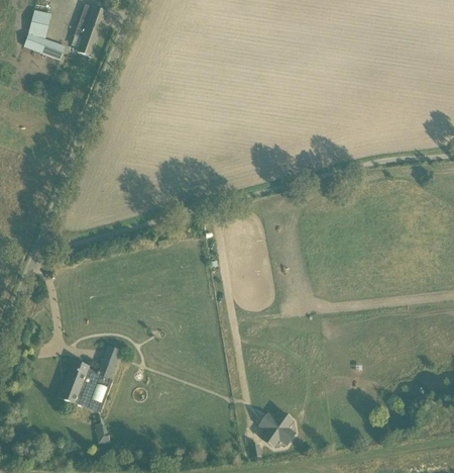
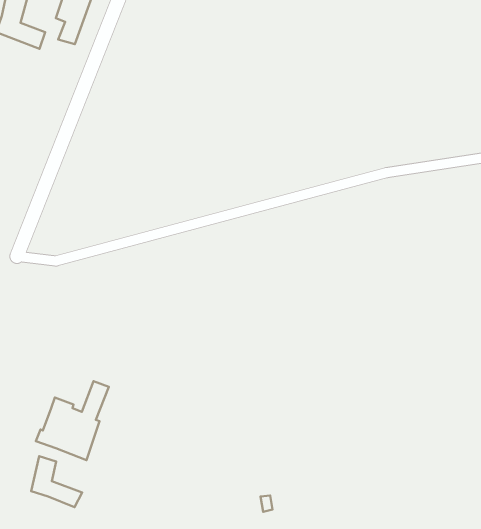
building: none -> [31,456,82,507]
building: [261,411,294,446] -> none

